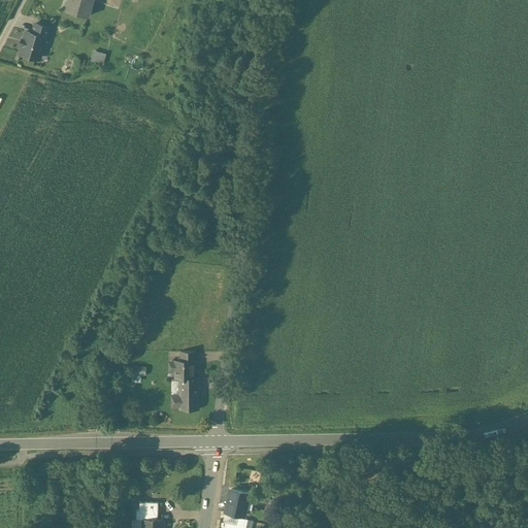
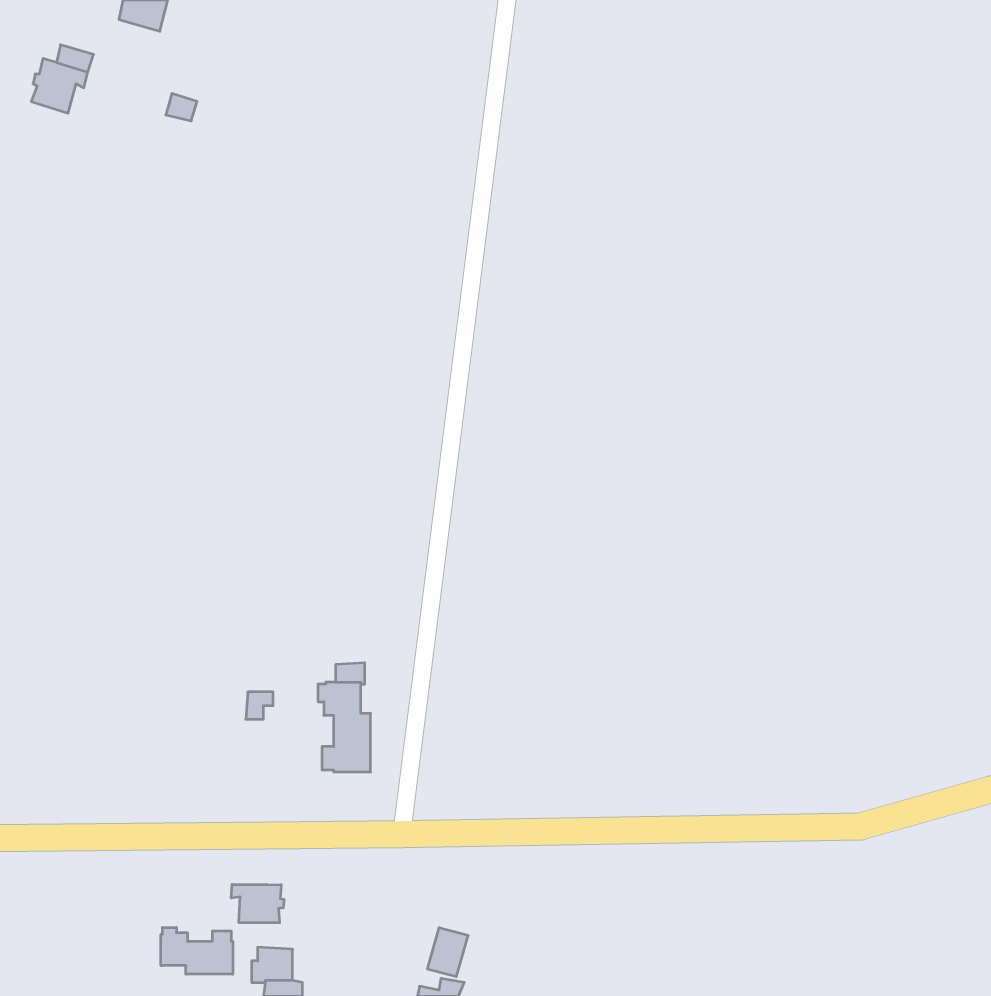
building: none -> [231,884,284,923]
building: none -> [161,927,233,974]

